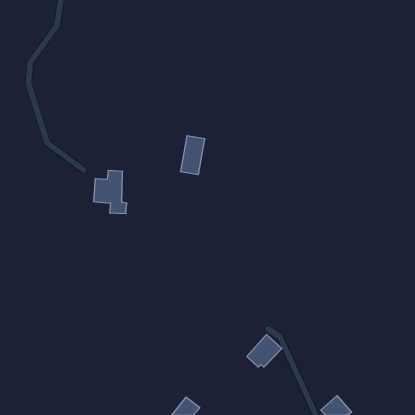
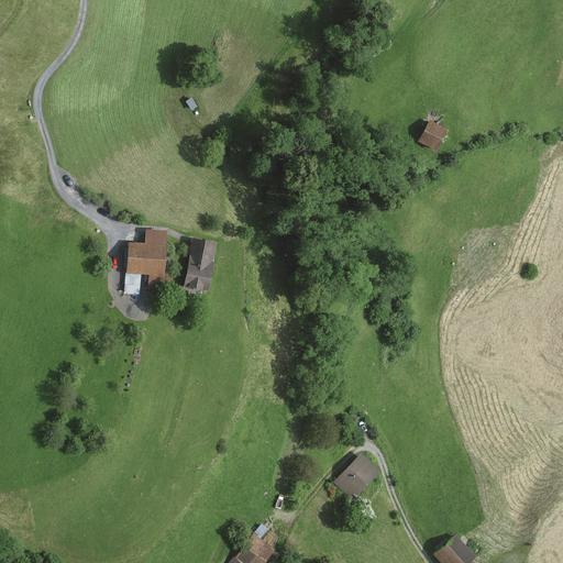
building: none -> [420,121,448,151]
building: [180,136,205,175] -> [184,239,217,291]

